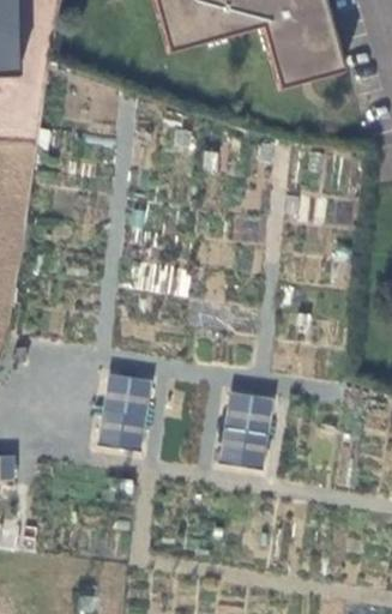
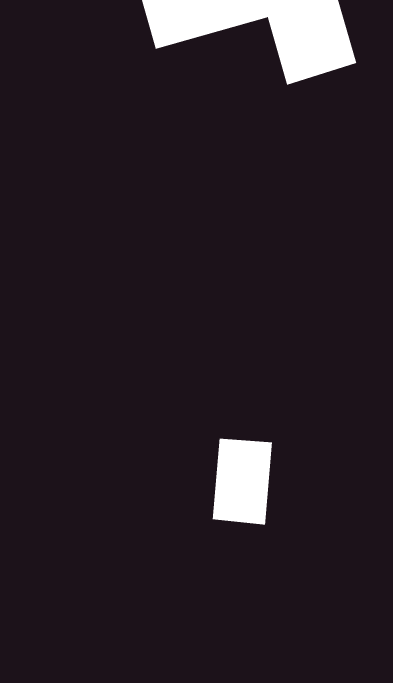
building: [98,371,150,447] -> none

